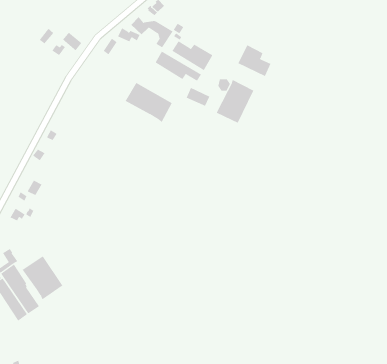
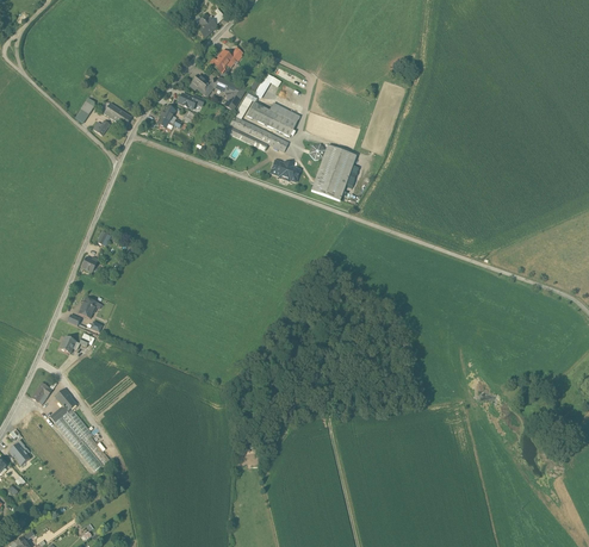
building: [238,44,271,77] -> none
building: [125,82,173,123] -> none
building: [22,256,63,300] -> none

